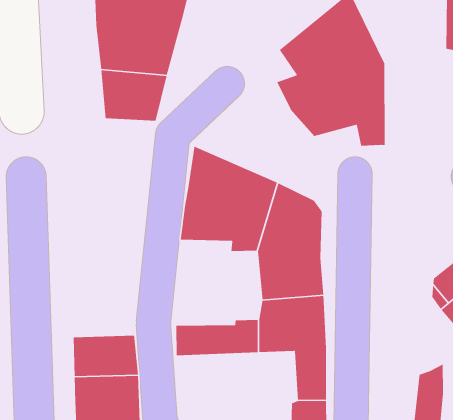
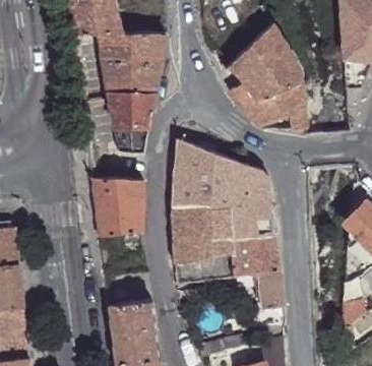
building: none -> [113,124,148,152]
building: none -> [90,177,141,236]
building: none -> [172,202,232,263]

